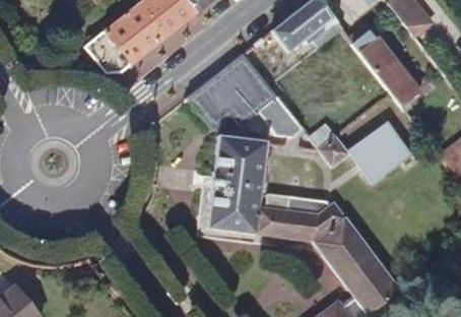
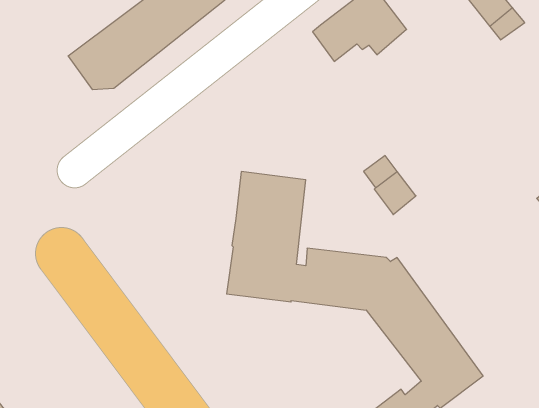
building: [351,29,421,107] -> none
building: [187,53,303,135] -> none
building: [348,122,410,182] -> none

